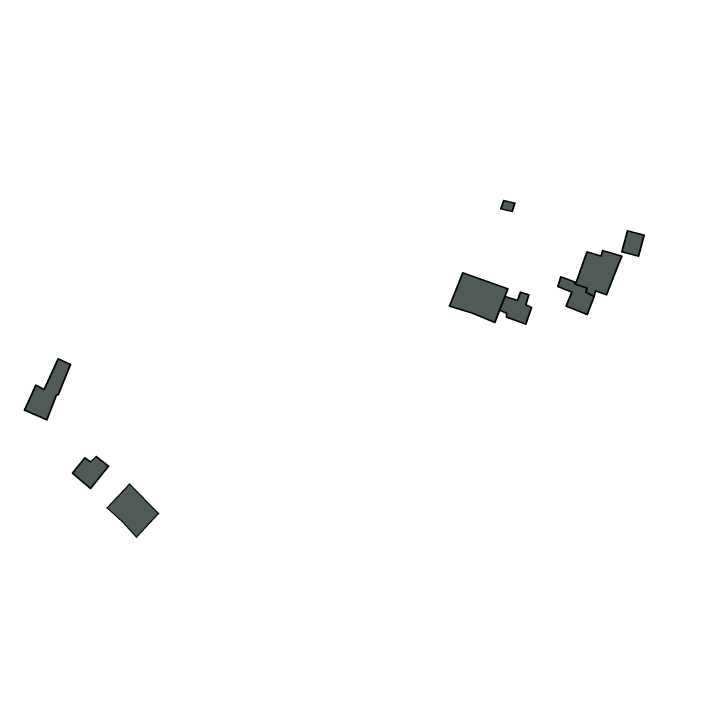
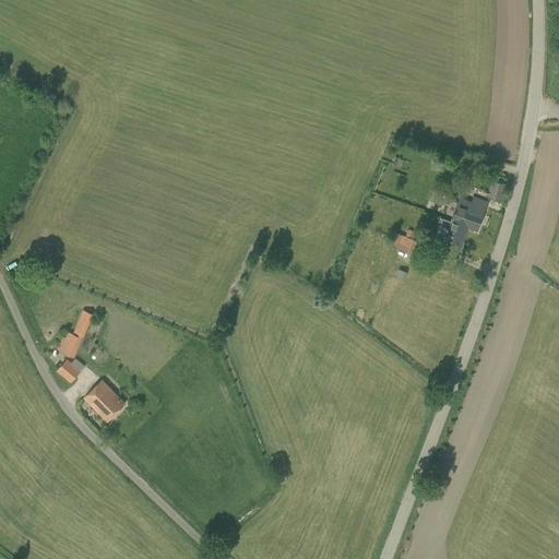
building: [450,273,508,322] -> none
building: [25,359,71,420] -> [57,310,93,358]

